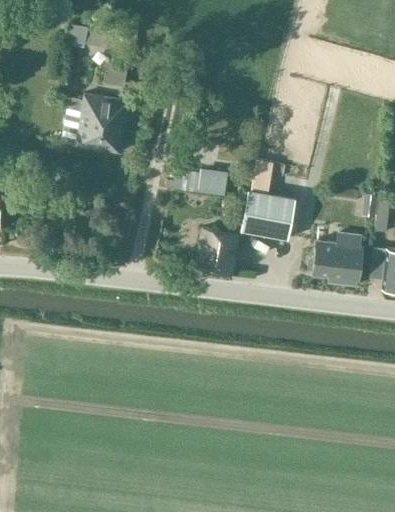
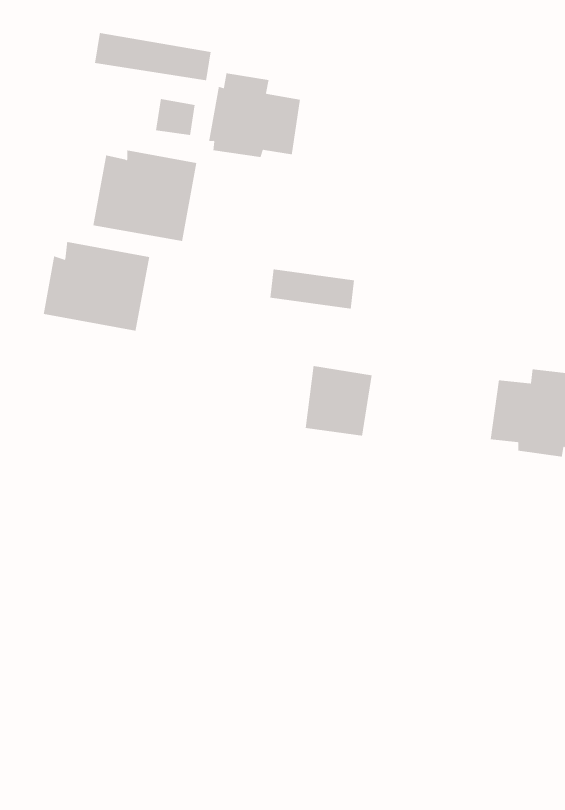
building: none -> [208,73,301,158]
building: none -> [43,241,150,331]
building: [241,158,295,240] -> none

